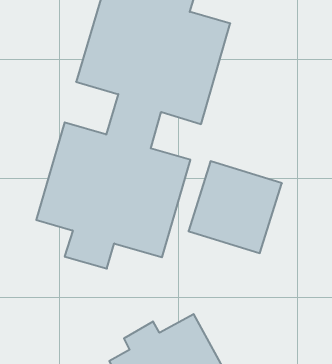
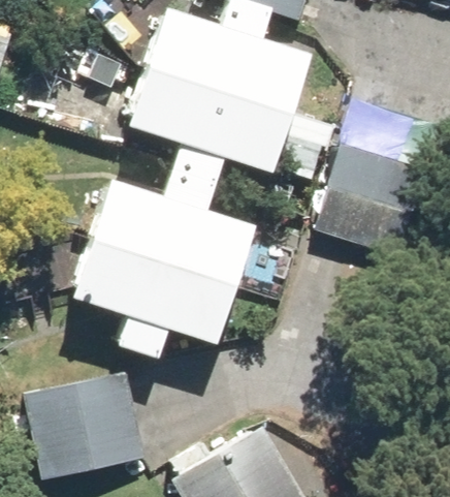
building: [188,161,282,253] -> [313,136,431,253]
building: none -> [28,369,148,473]

